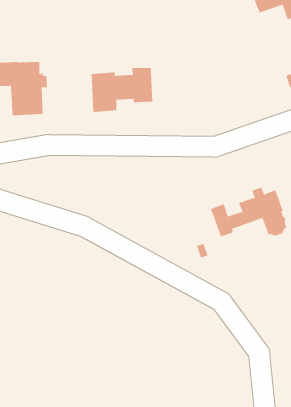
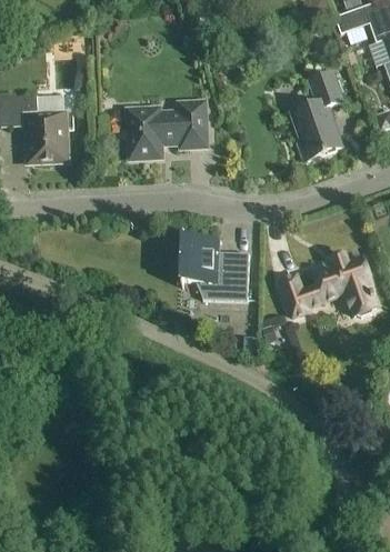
building: none -> [290,71,343,161]
building: none -> [178,239,249,301]

